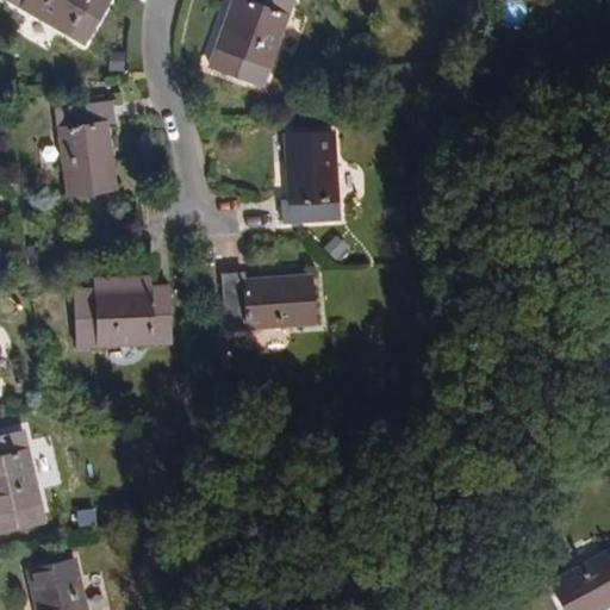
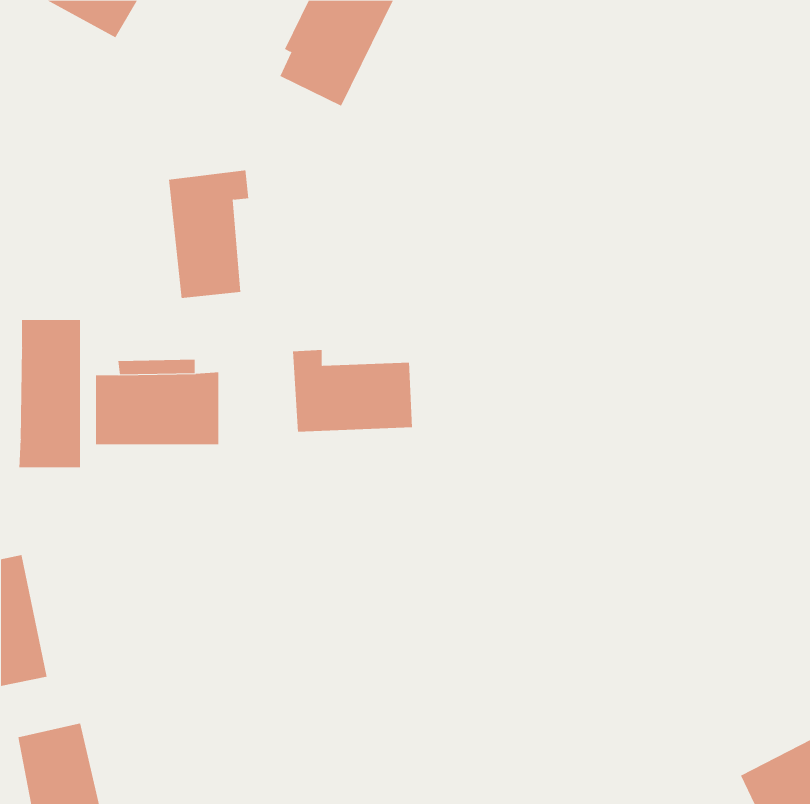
building: [62,99,123,195] -> [168,170,249,299]
building: [280,137,341,232] -> none
building: none -> [19,319,80,468]

